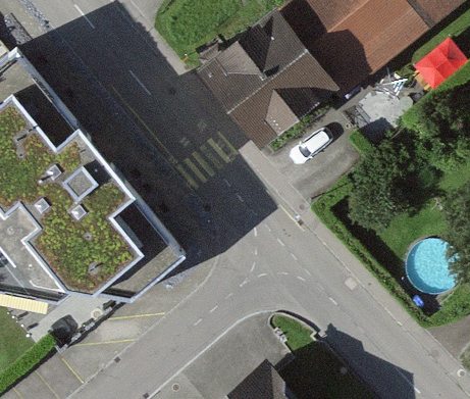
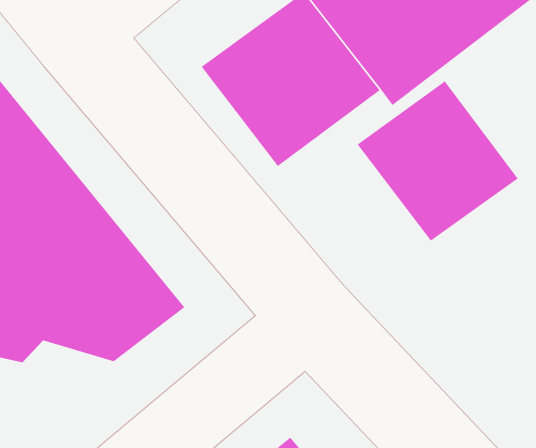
building: none -> [357,80,518,242]

